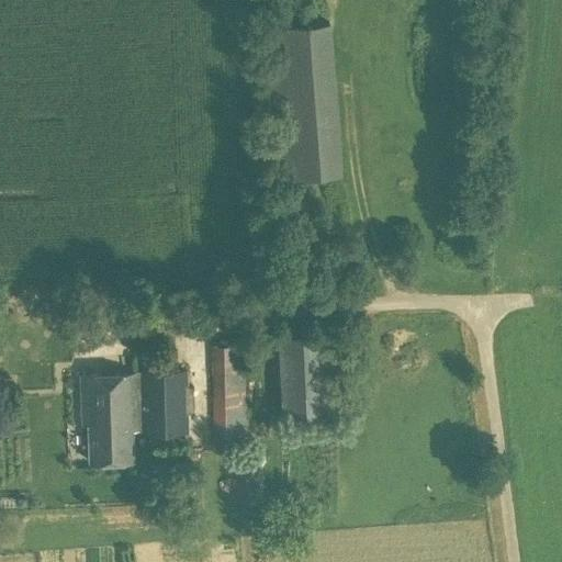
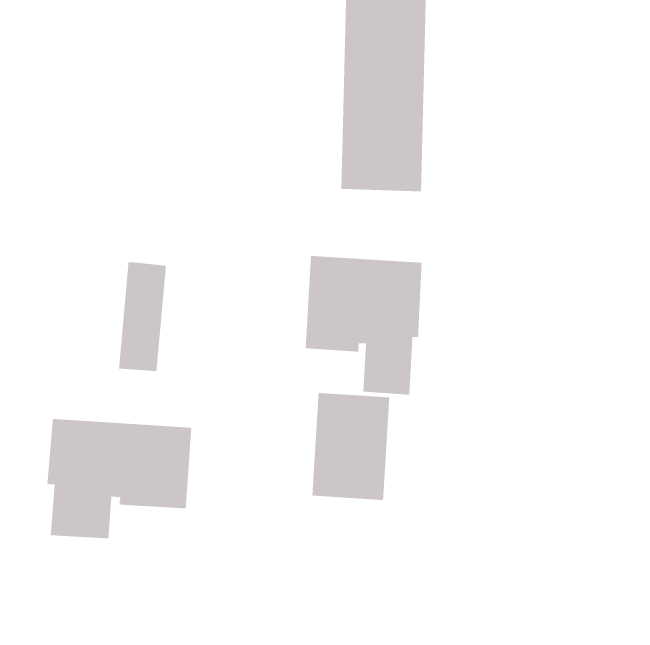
building: none -> [305,255,423,395]
building: [214,348,245,430] -> [118,261,167,372]

